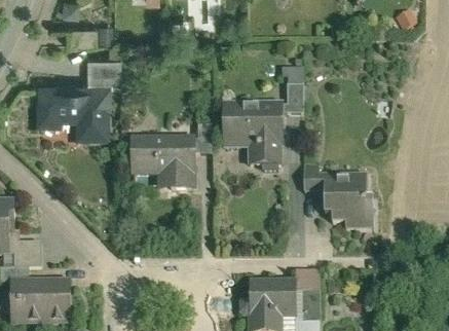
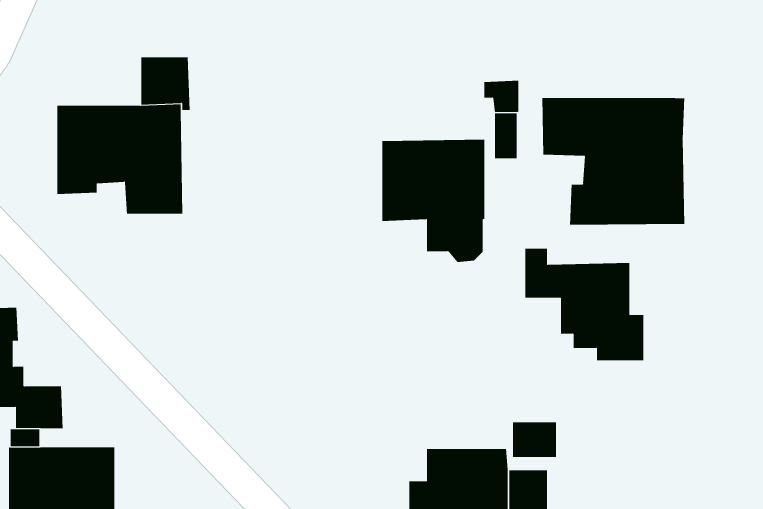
building: none -> [542,97,685,226]
building: [129,135,195,191] -> none

